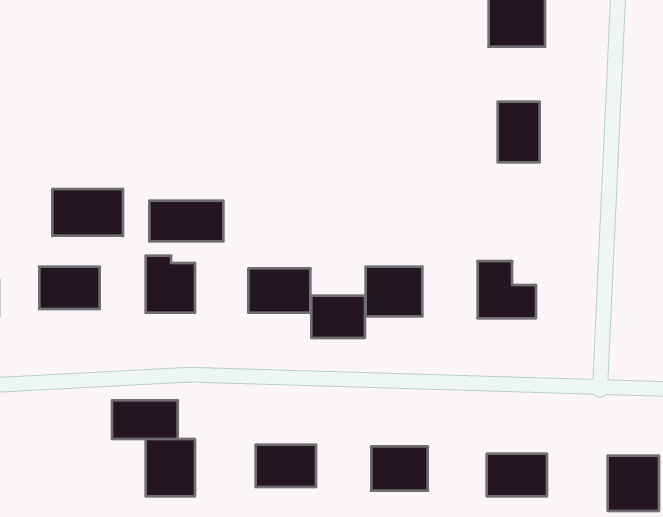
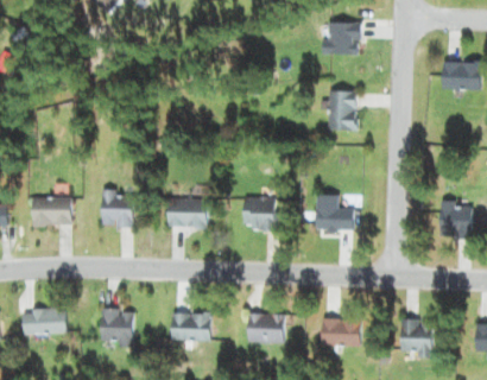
building: [52,189,123,236] -> none
building: [149,201,223,241] -> none
building: [311,296,365,338] -> none
building: [112,400,178,439] -> [24,309,67,334]

